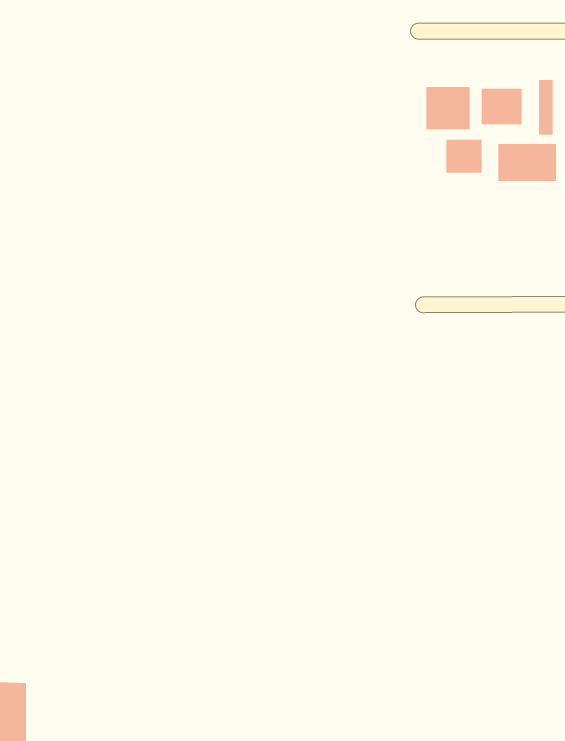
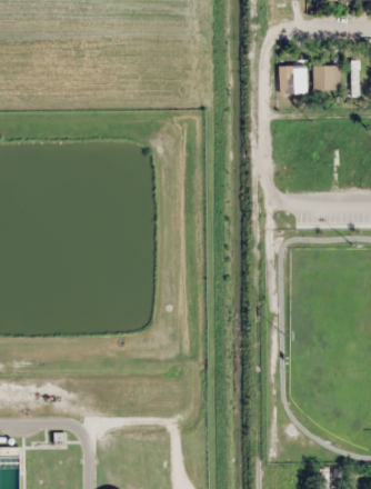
building: [446,139,482,173] -> none
building: [498,143,556,182] -> none

